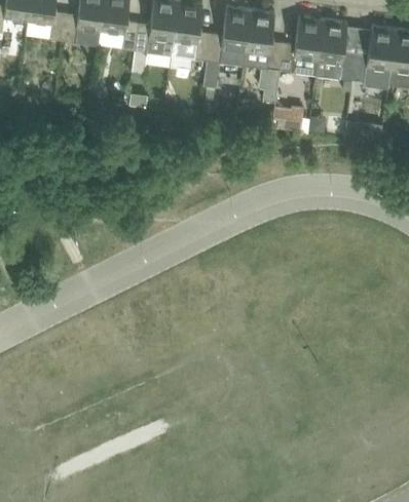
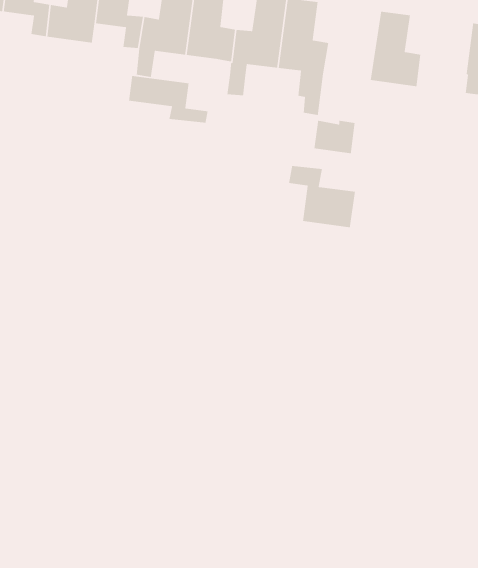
building: [278,16,323,71] -> none
building: [351,26,395,88] -> none
building: none -> [128,75,209,124]
building: none -> [288,165,356,228]

